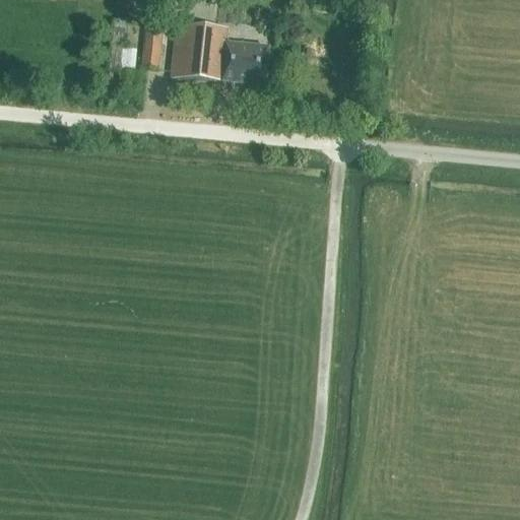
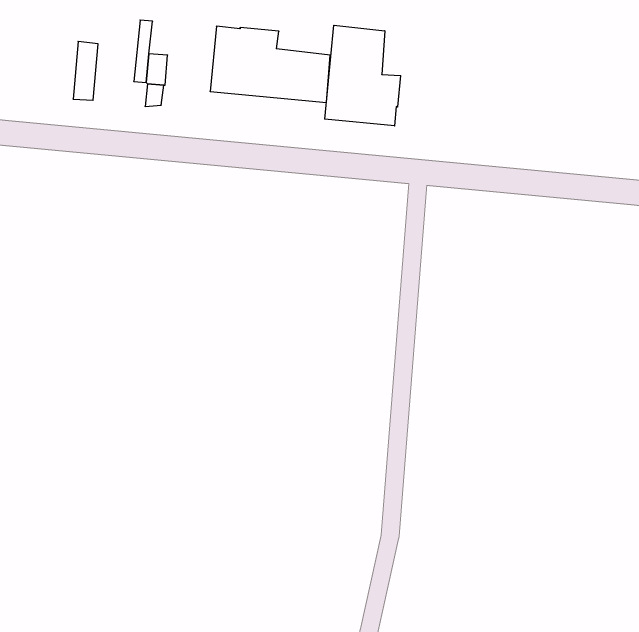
building: [142,18,162,66] -> [73,41,98,100]
building: none -> [325,25,401,126]

